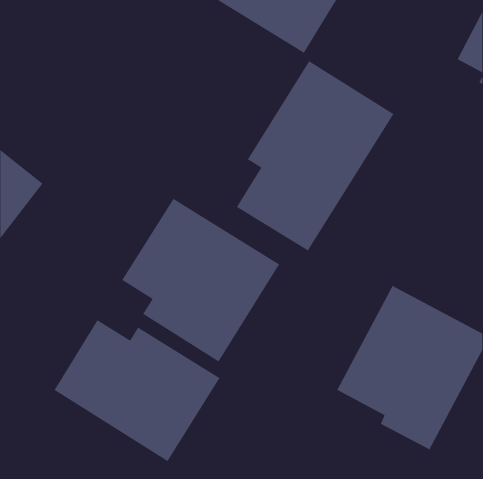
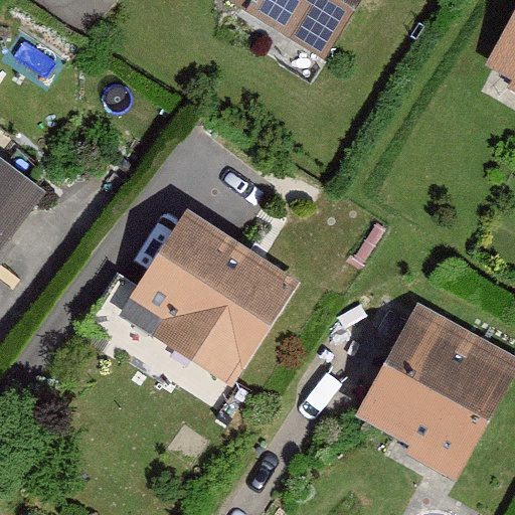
building: [236,60,395,251] -> none
building: [53,319,220,462] -> none

